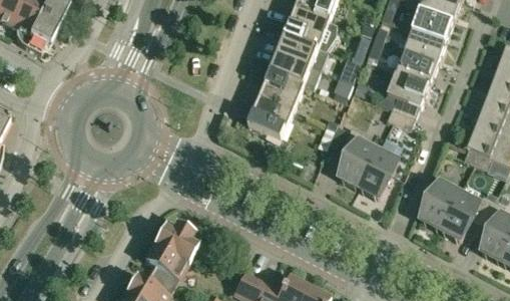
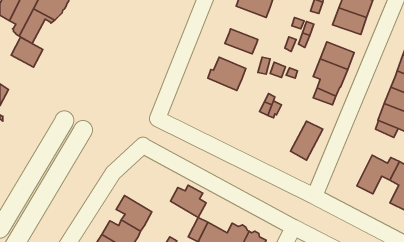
building: [286,8,338,52] -> none
building: [405,31,447,65] -> none
building: none -> [11,37,43,67]
building: [272,54,322,89] -> none
building: [248,97,294,140] -> none
building: [340,127,380,188] -> none
building: [422,183,461,231] -> none
building: [154,223,198,263] -> [171,185,206,217]

